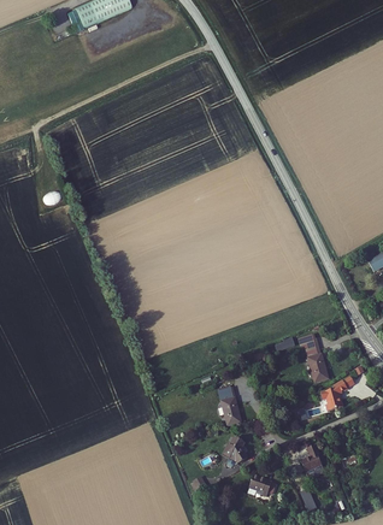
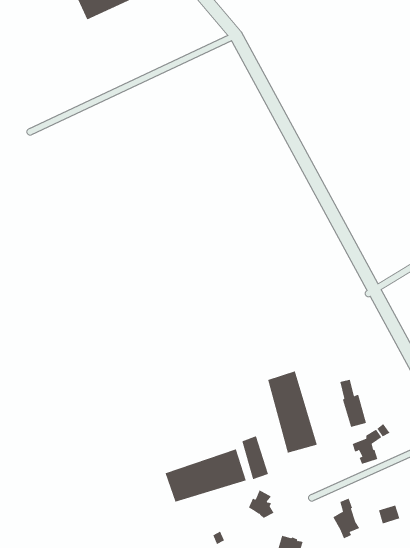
building: none -> [267,371,318,454]
building: none -> [165,449,246,503]

